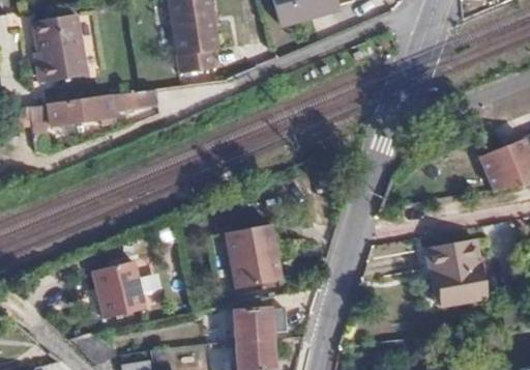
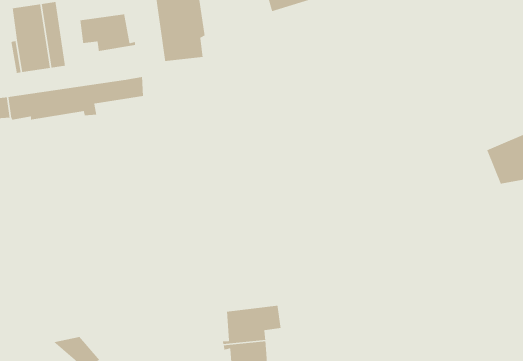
building: none -> [79,14,136,52]
building: [229,224,286,289] -> none
building: [431,238,491,305] -> none
building: [96,262,149,320] -> none

